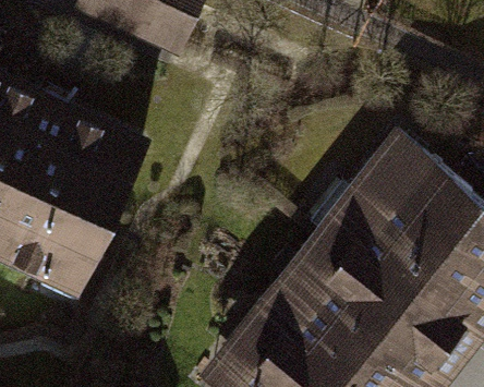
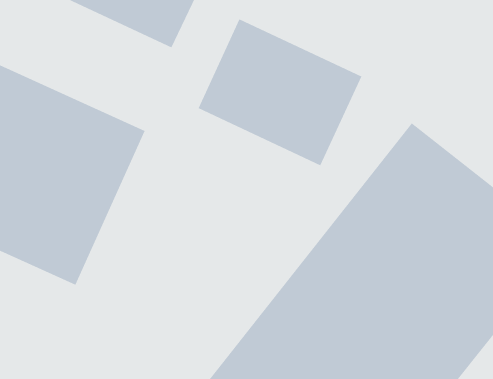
building: none -> [198,18,362,166]

